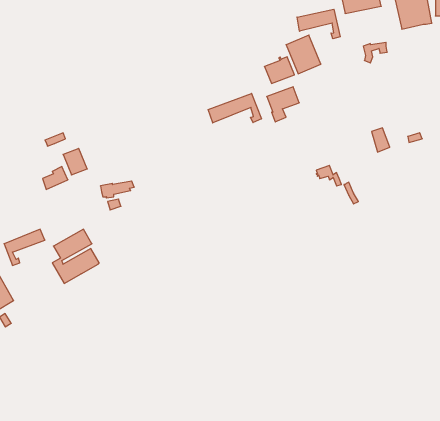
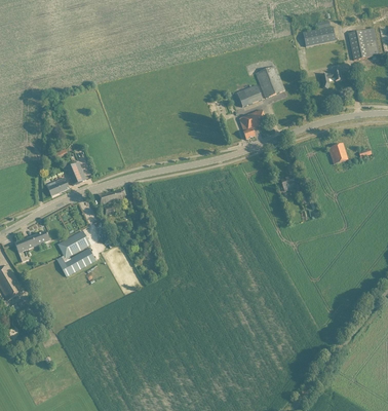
building: [297,9,340,39] -> none
building: [208,93,261,123] -> none

